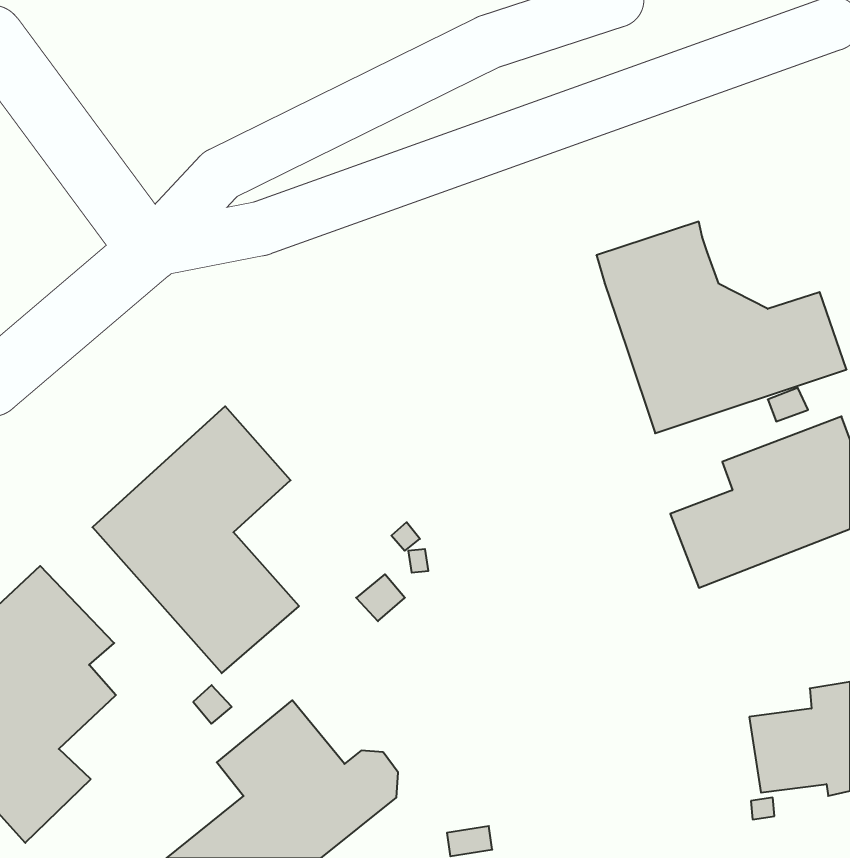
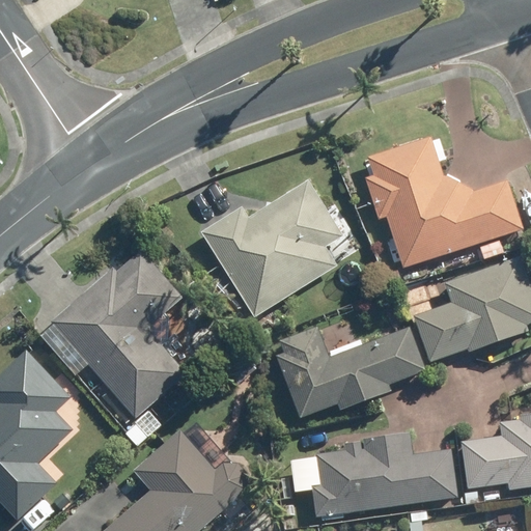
building: none -> [194,179,337,317]
building: none -> [278,329,427,418]
building: none -> [313,432,458,518]

